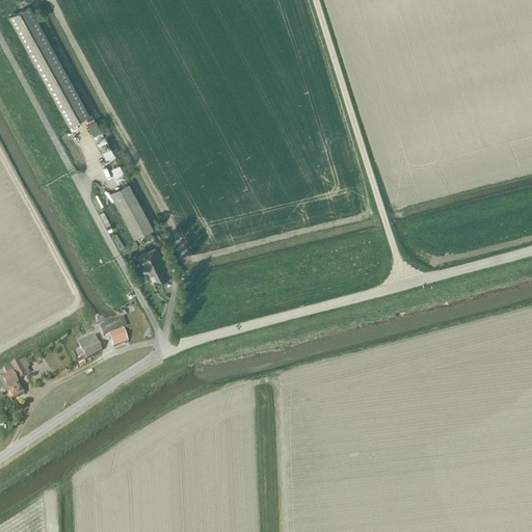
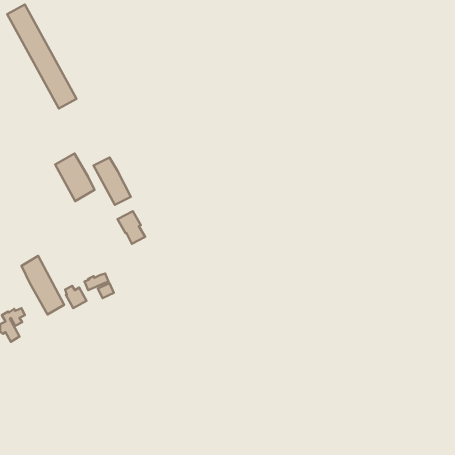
building: none -> [55,153,94,201]
building: none -> [21,256,64,315]

